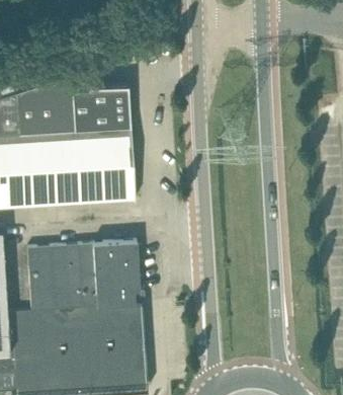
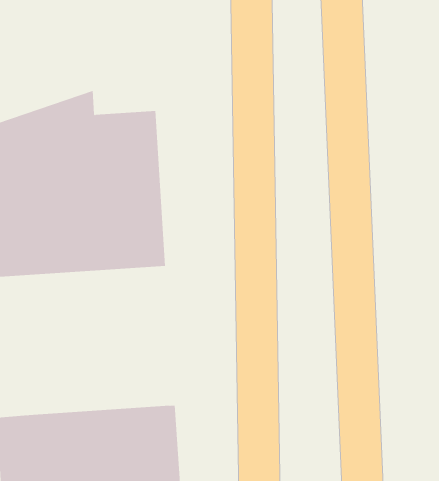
building: [26,240,139,310] -> none

